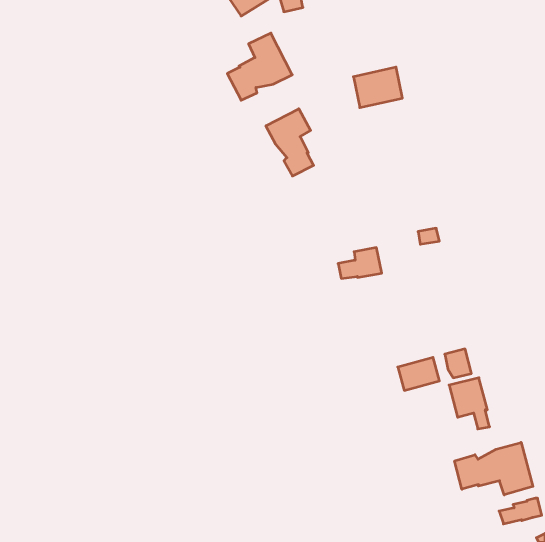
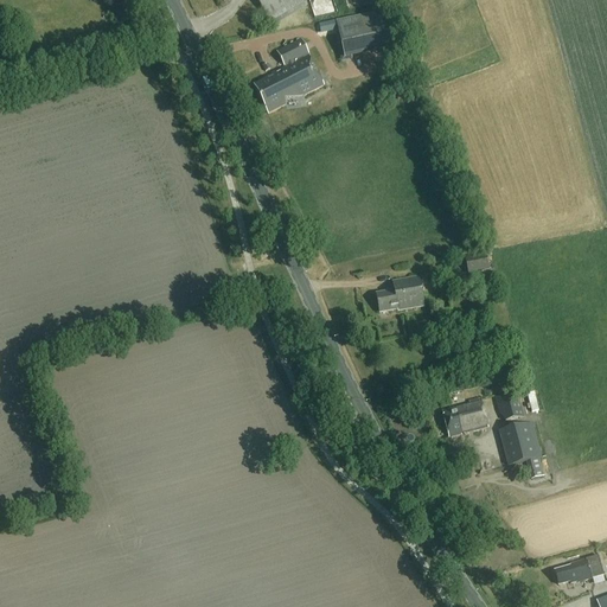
building: [353,67,402,108] -> [336,8,390,53]
building: [266,109,314,176] -> none
building: [455,442,533,495] -> none

